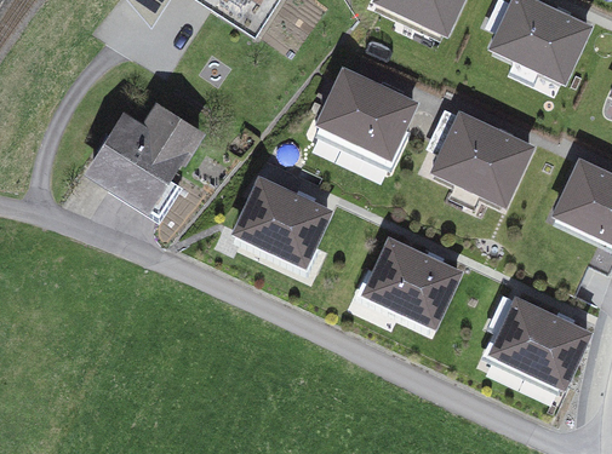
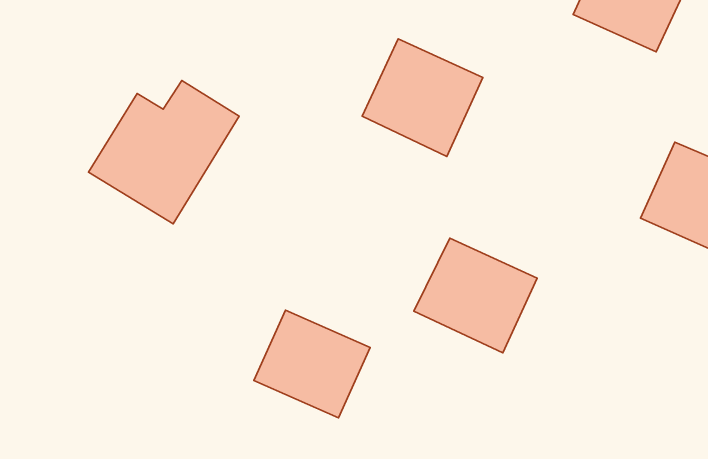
building: [430,109,532,203] -> none
building: [231,177,330,268] -> [254,310,370,418]
building: [485,293,591,393] -> none

